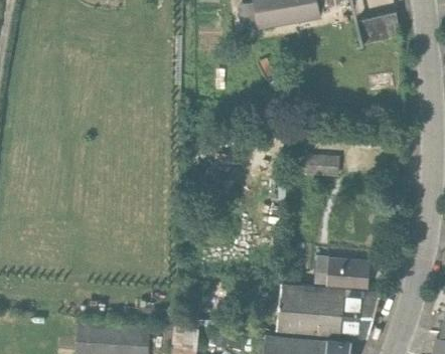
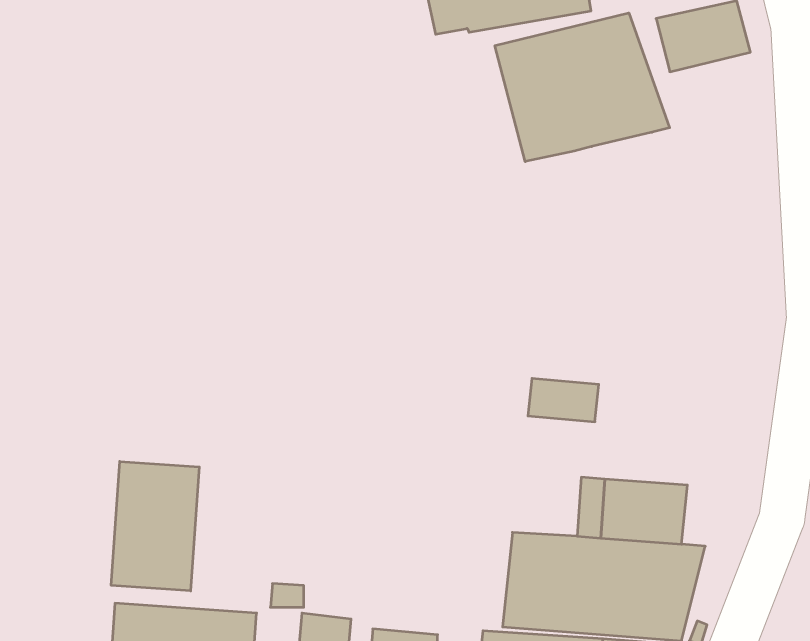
building: none -> [495,13,670,162]
building: [303,156,339,178] -> [528,378,599,422]
building: none -> [111,461,199,591]

